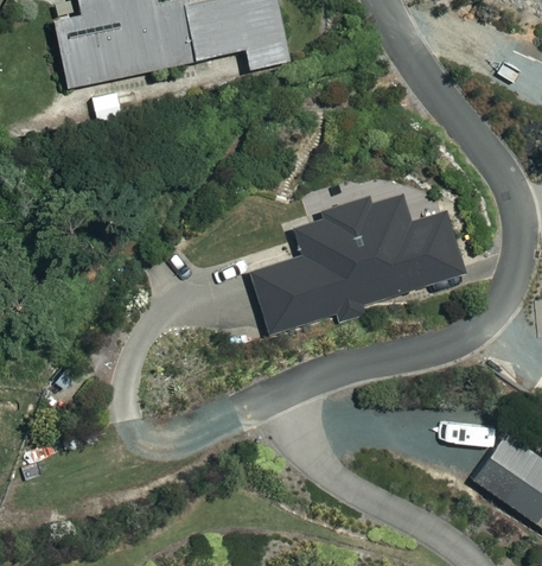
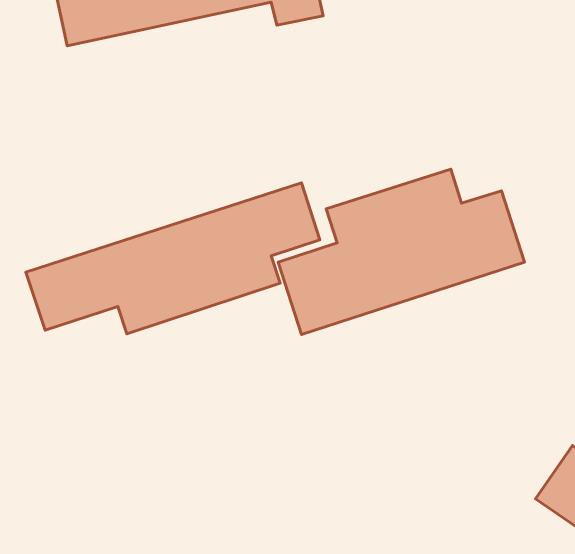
building: none -> [26,183,320,334]

